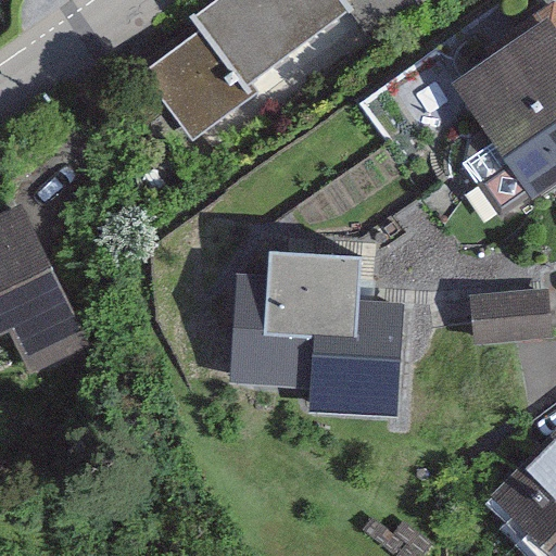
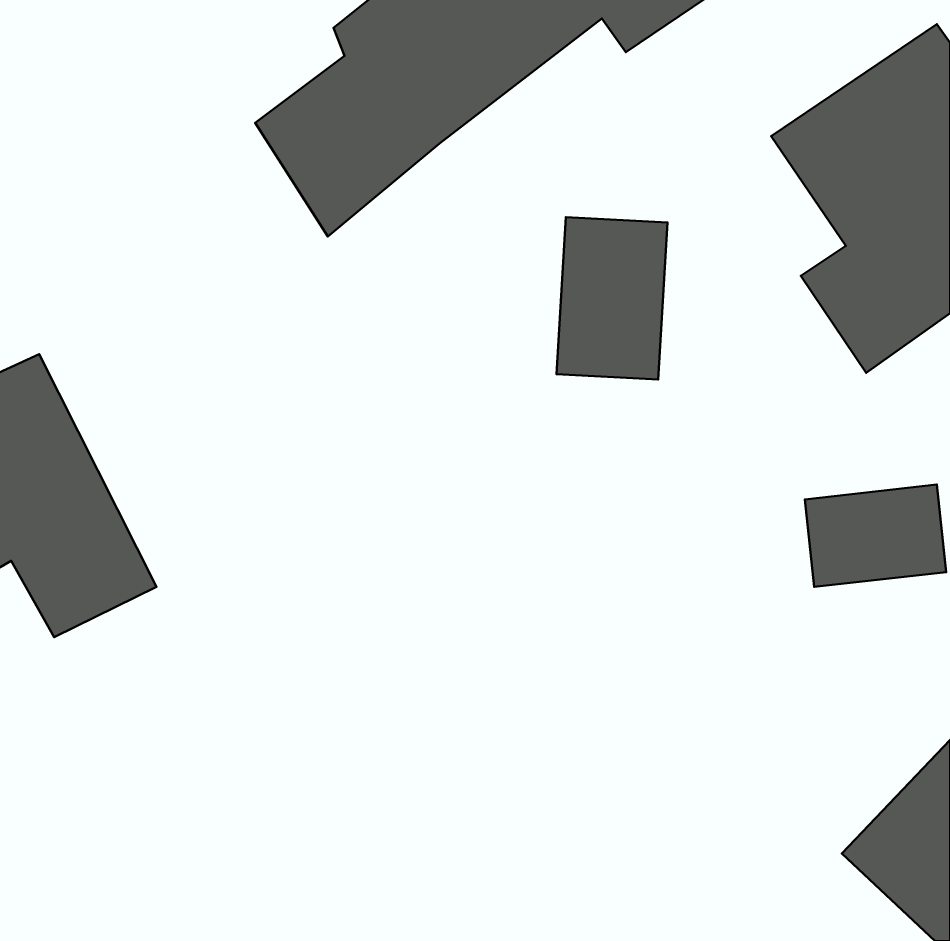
building: none -> [557,217,667,379]
building: [233,254,409,420] -> none

